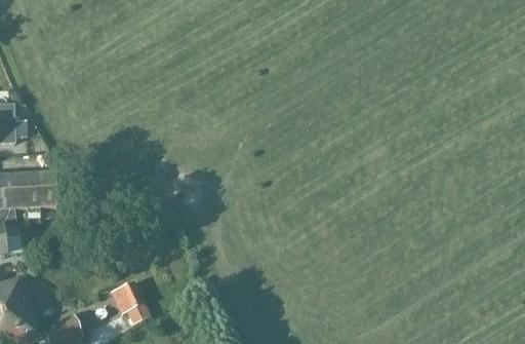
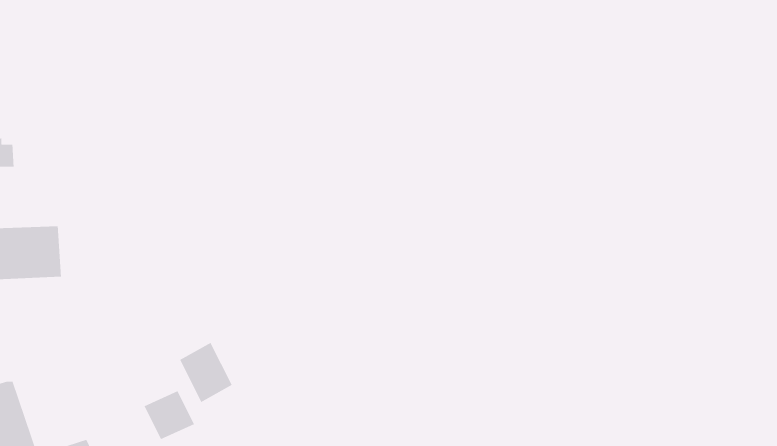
building: none -> [179,342,233,403]

